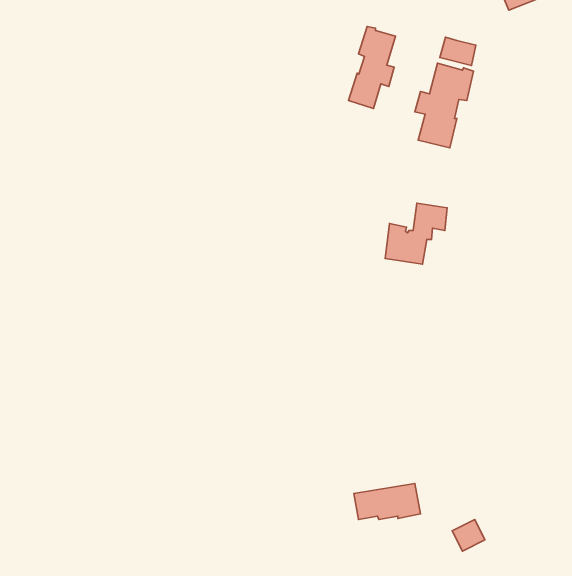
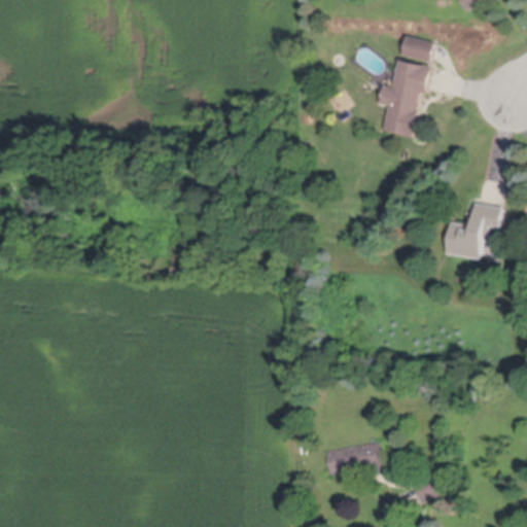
building: [348,26,395,108] -> none
building: [385,203,447,264] -> [444,202,500,257]

